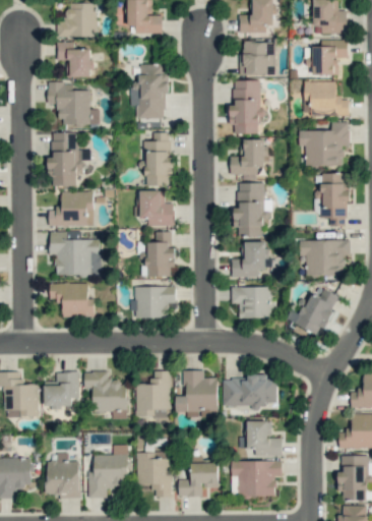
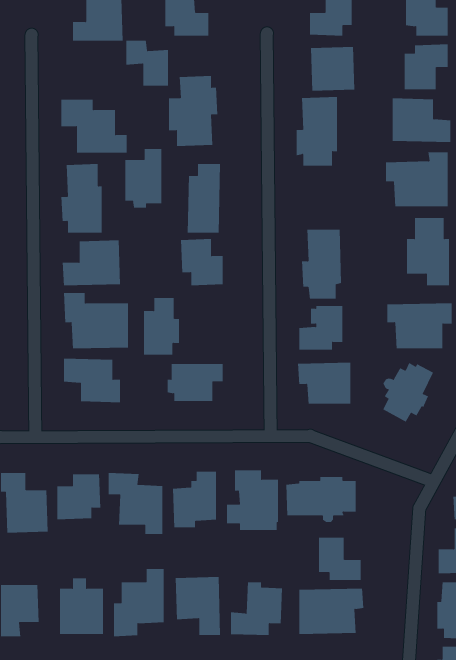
building: [58,42,91,77] -> [125,40,169,86]
building: none -> [125,148,162,208]
building: [230,139,265,175] -> none
building: [147,232,176,277] -> [143,297,180,355]

